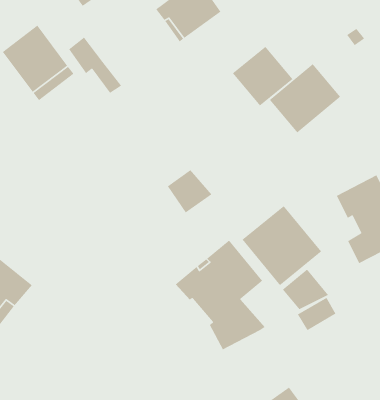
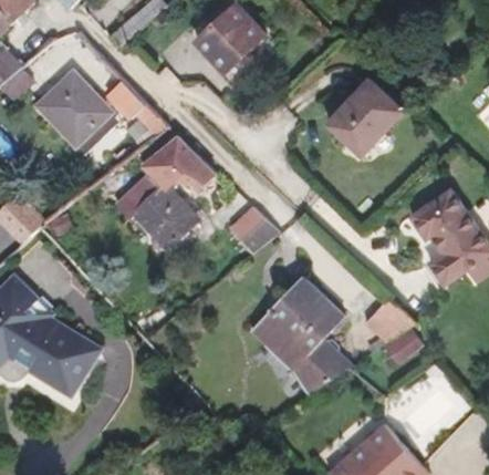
building: [232,46,293,107] -> none
building: none -> [115,135,216,248]
building: [241,205,322,286] -> none

